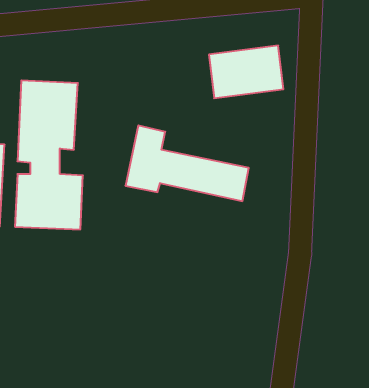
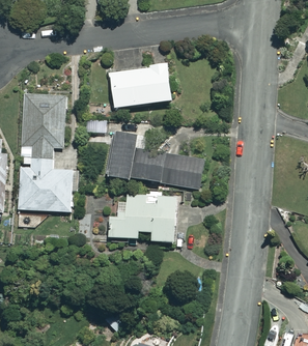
building: [209,46,283,98] -> [110,63,170,106]
building: none -> [106,193,175,242]

